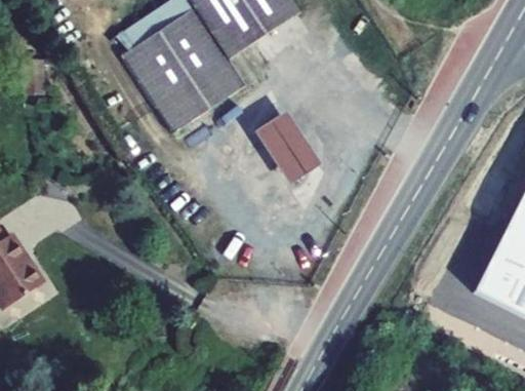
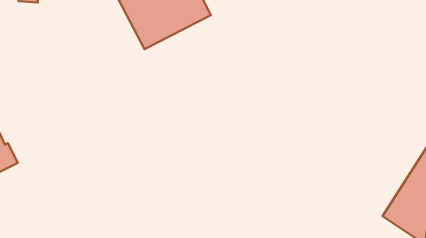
building: [252,109,320,184] -> none

